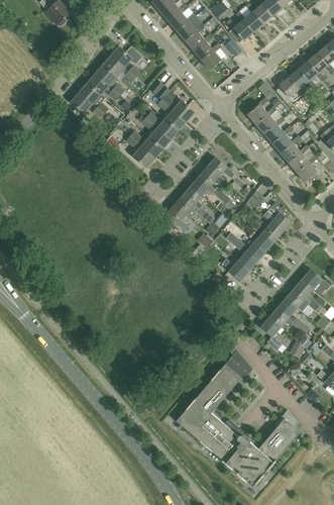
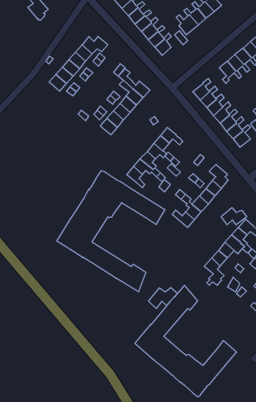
building: none -> [57,170,165,292]
building: none -> [221,208,247,225]
building: none -> [149,287,177,308]

